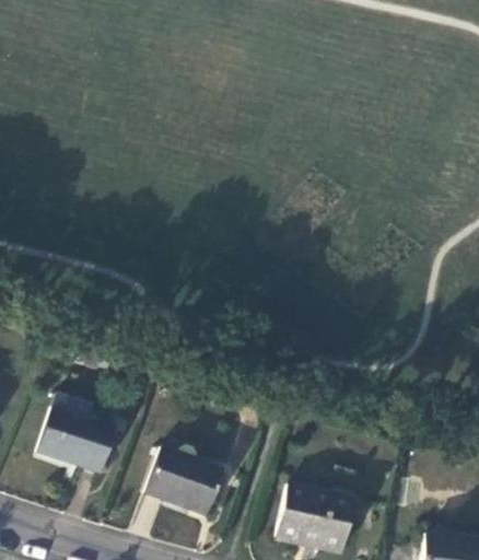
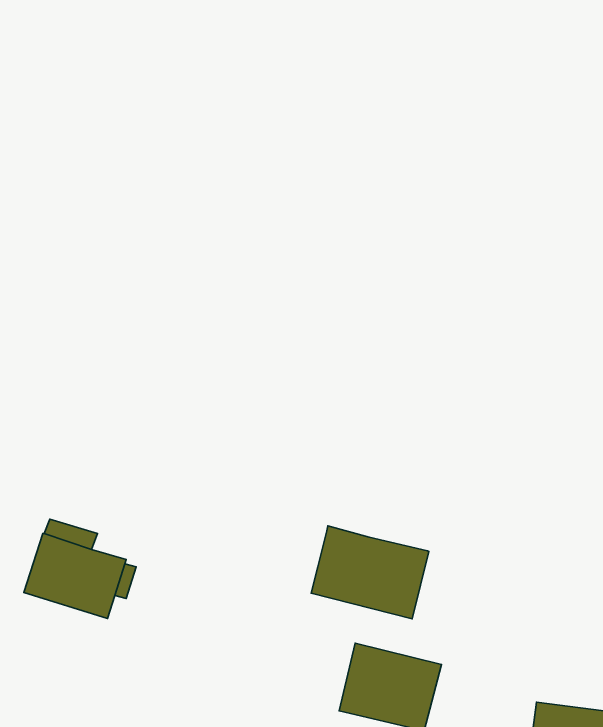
building: none -> [311,526,429,619]
building: [148,445,223,513] -> none

